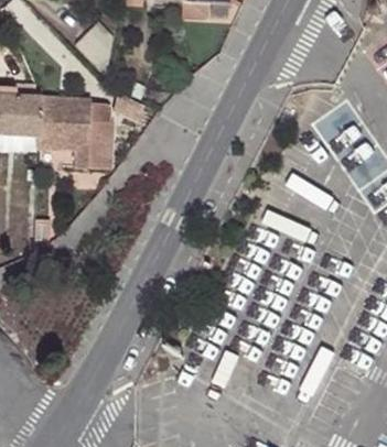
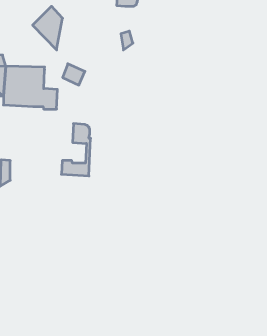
building: [74,102,111,170] -> [61,124,91,176]

